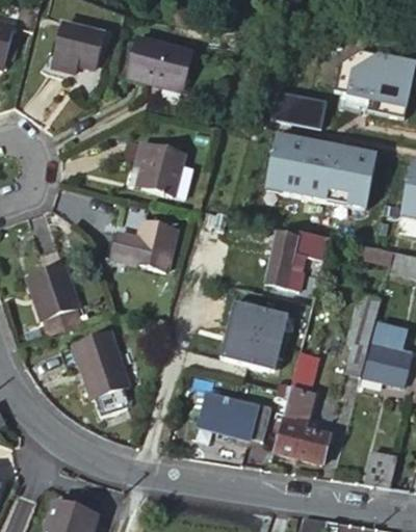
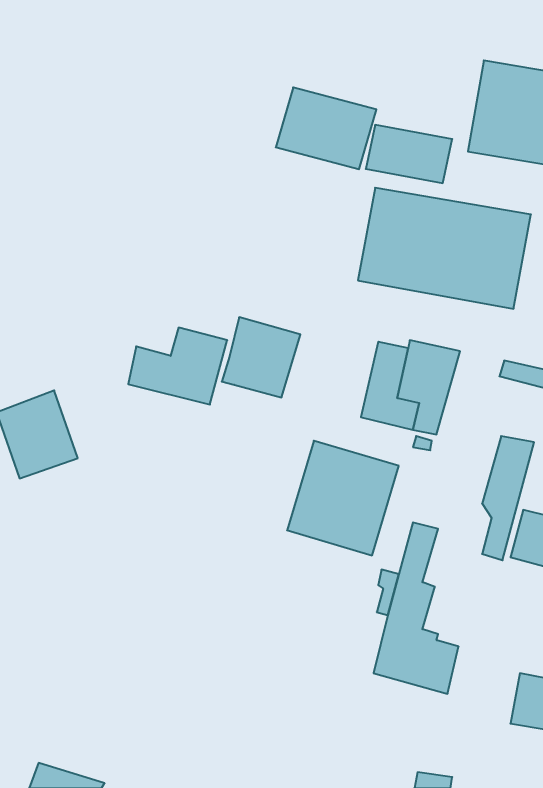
building: [50,25,106,74] -> none
building: [127,41,193,95] -> [276,87,376,169]
building: [134,144,186,197] -> [222,317,300,397]
building: [73,332,130,401] -> none
building: [199,396,274,441] -> none

